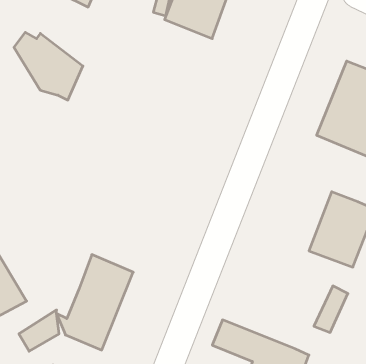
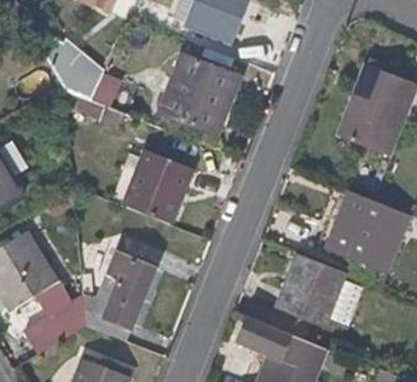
building: none -> [162,54,238,131]
building: none -> [122,149,191,224]
building: none -> [274,250,342,325]

